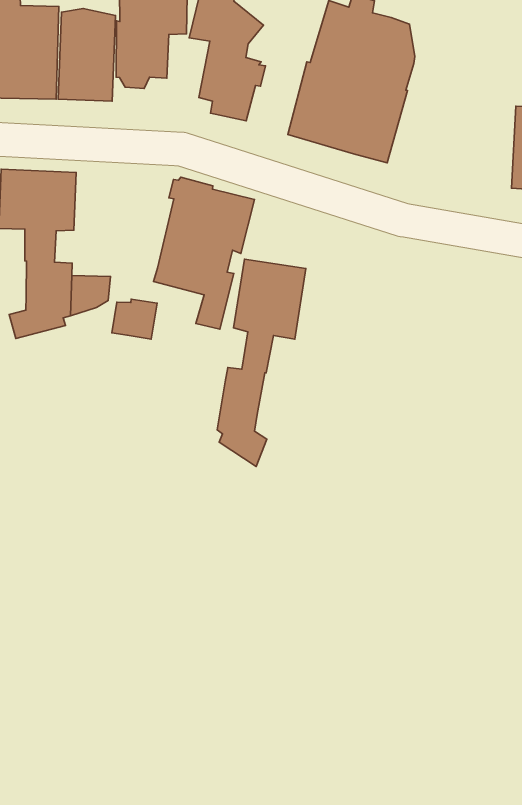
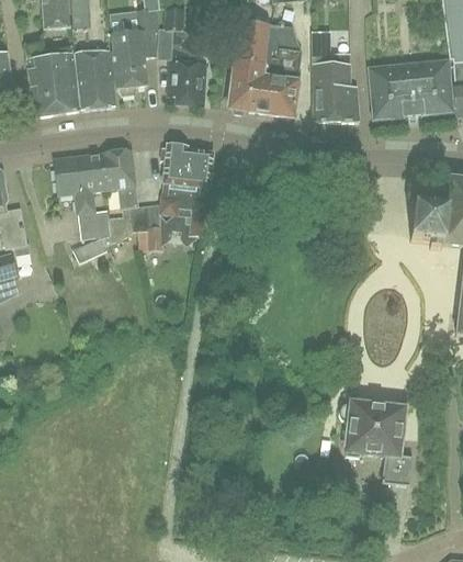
building: none -> [312,32,359,122]
building: none -> [100,148,139,209]
building: [217,259,306,466] -> none
building: none -> [339,401,411,484]

